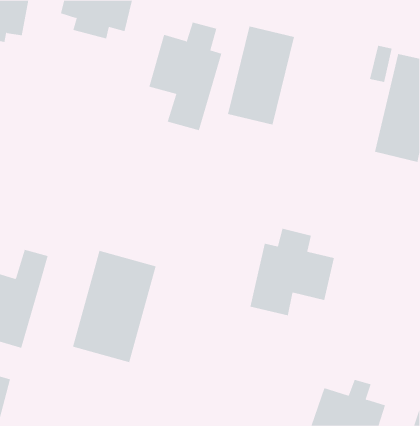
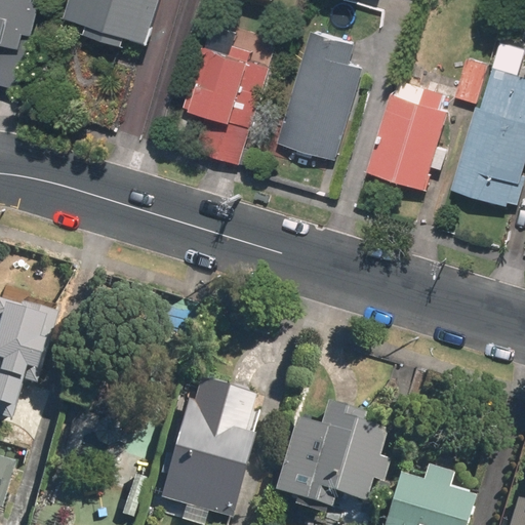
building: none -> [370,92,448,187]
building: [250,228,335,316] -> none
building: [72,250,156,363] -> [159,379,262,518]
building: none -> [277,411,381,503]

